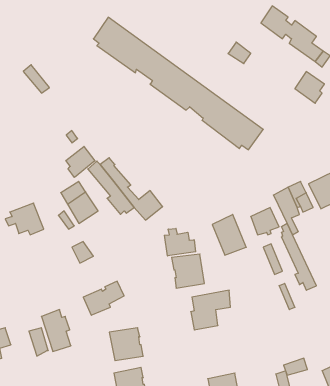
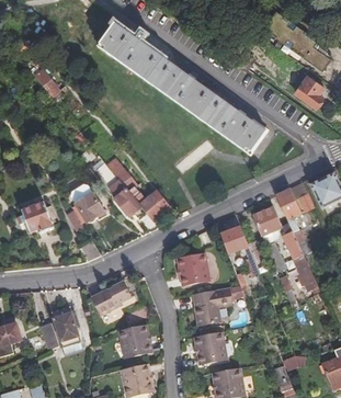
building: [66,146,95,177] -> none
building: [164,228,196,256] -> none
building: none -> [195,332,228,365]

